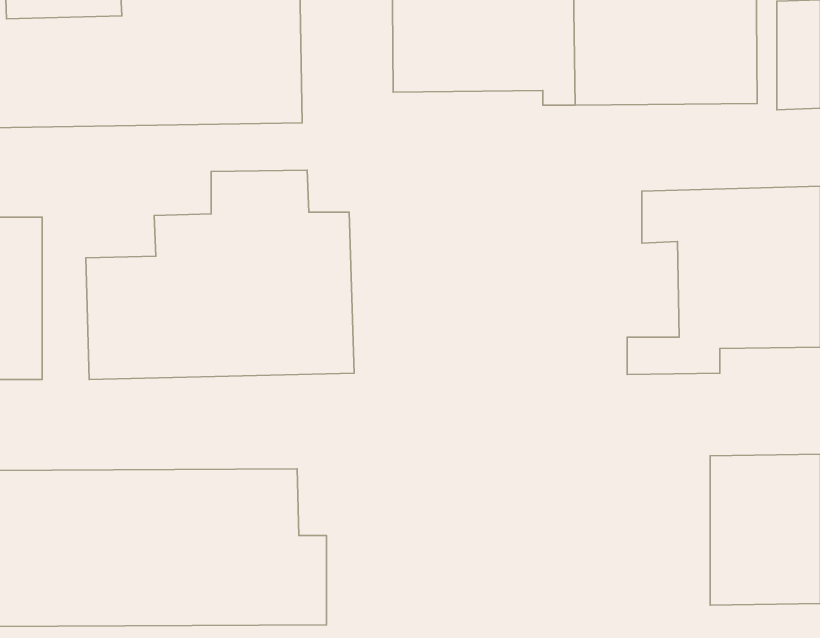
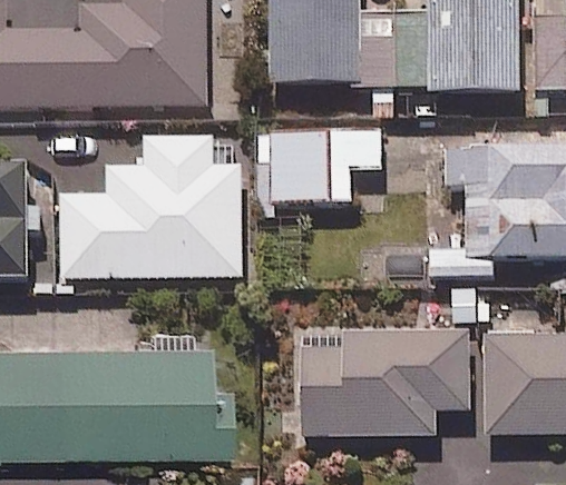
building: none -> [271,129,380,201]
building: none -> [303,328,470,435]

